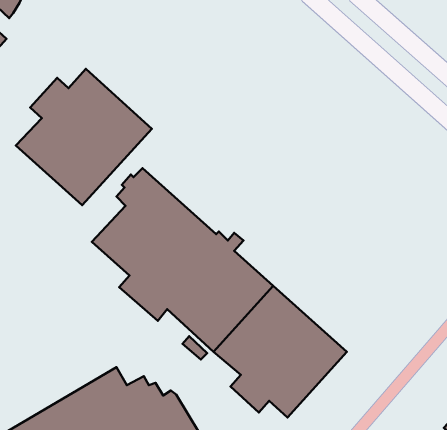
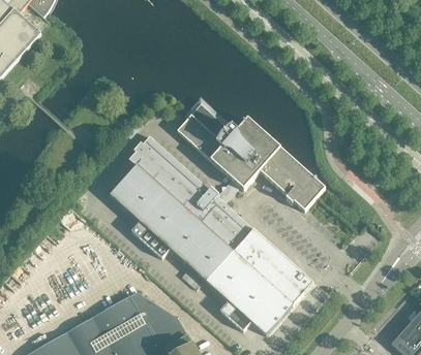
building: [16,69,152,205] -> none
building: none -> [177,98,326,212]

